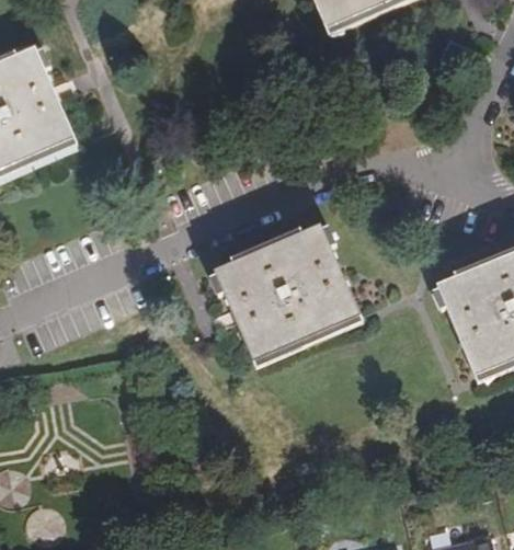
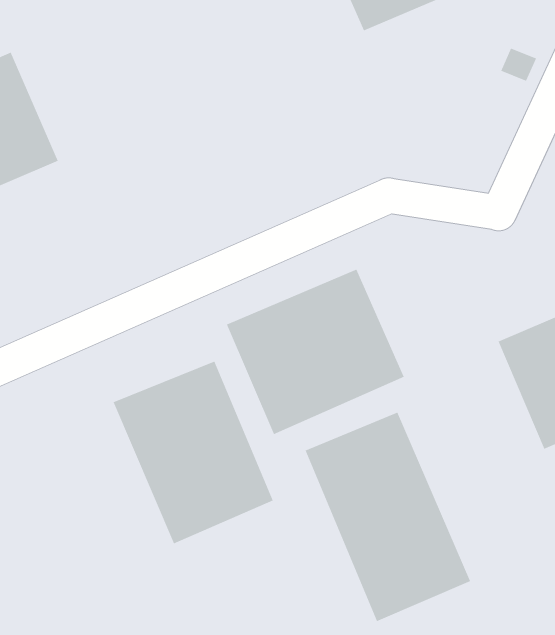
building: none -> [112,361,274,544]
building: none -> [305,412,471,622]

